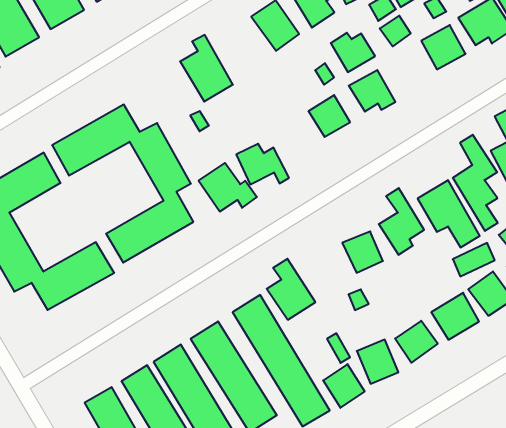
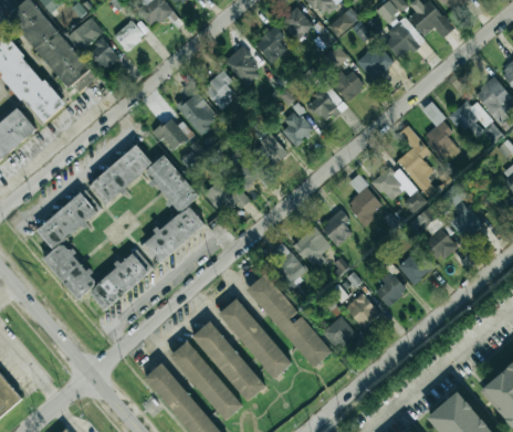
building: none -> [202,72,238,106]
building: [331,33,375,72] -> [329,70,365,101]
building: none -> [154,114,190,151]
building: none -> [254,133,287,166]
building: none -> [293,225,331,270]

